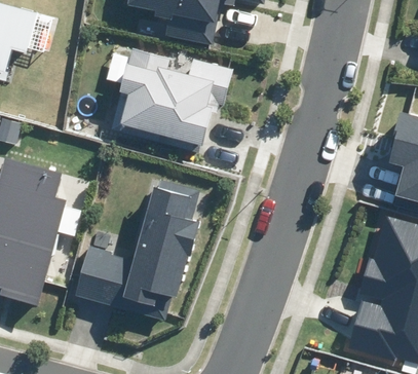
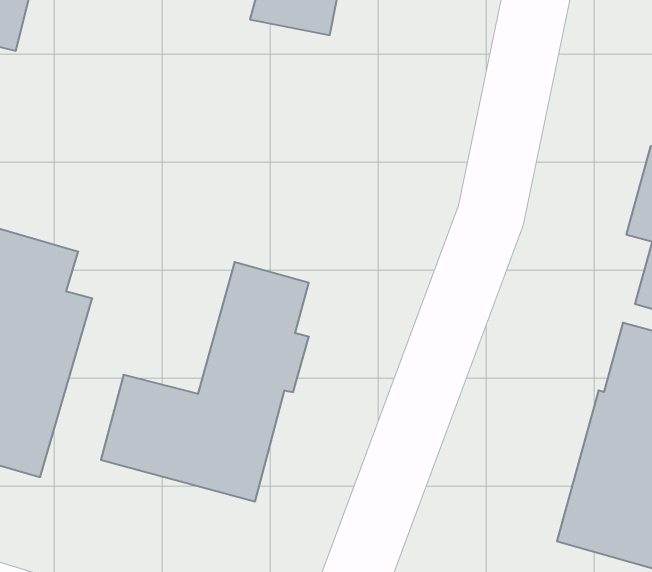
building: [110,47,233,153] -> none

